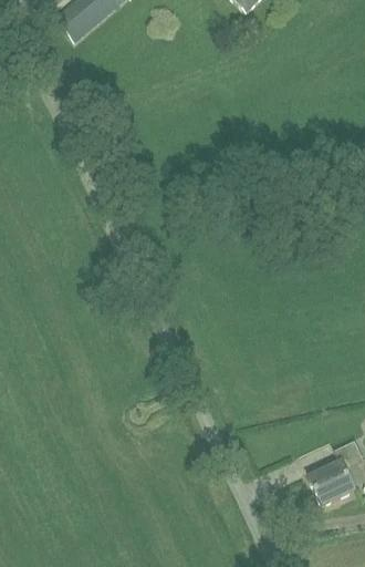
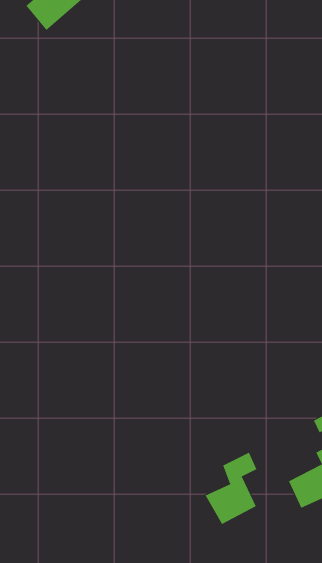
building: none -> [205,452,257,525]

